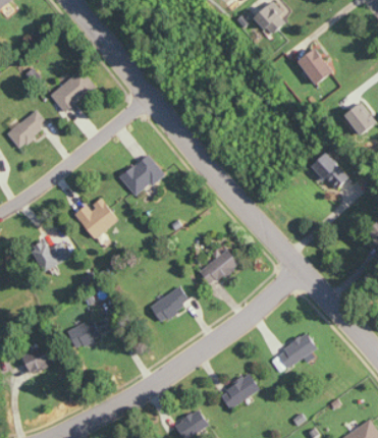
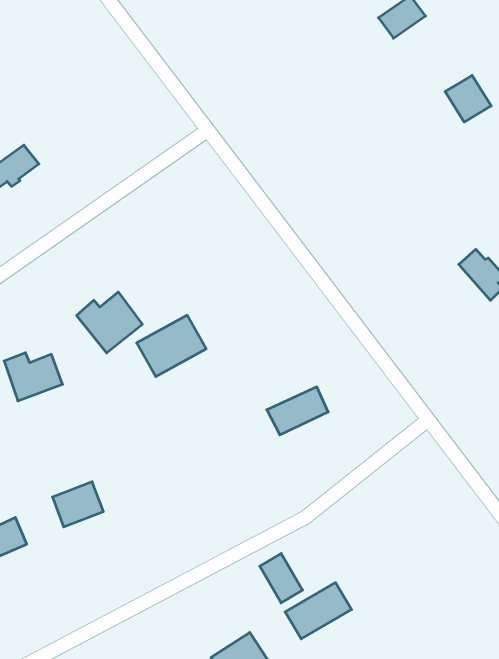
building: [49,70,95,113] -> none
building: [119,156,163,196] -> [137,315,206,377]
building: [146,288,188,323] -> none
building: [275,334,313,371] -> none
building: none -> [260,553,303,603]

